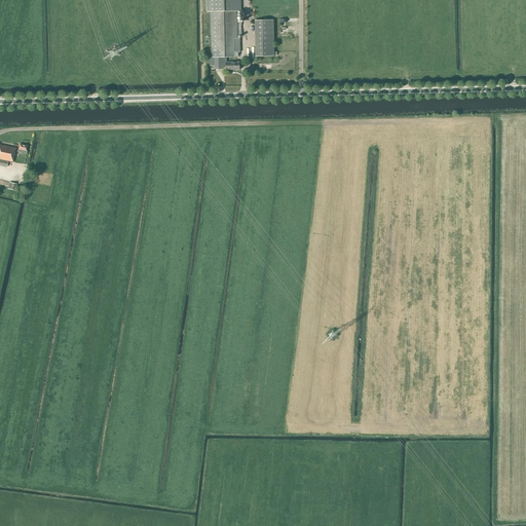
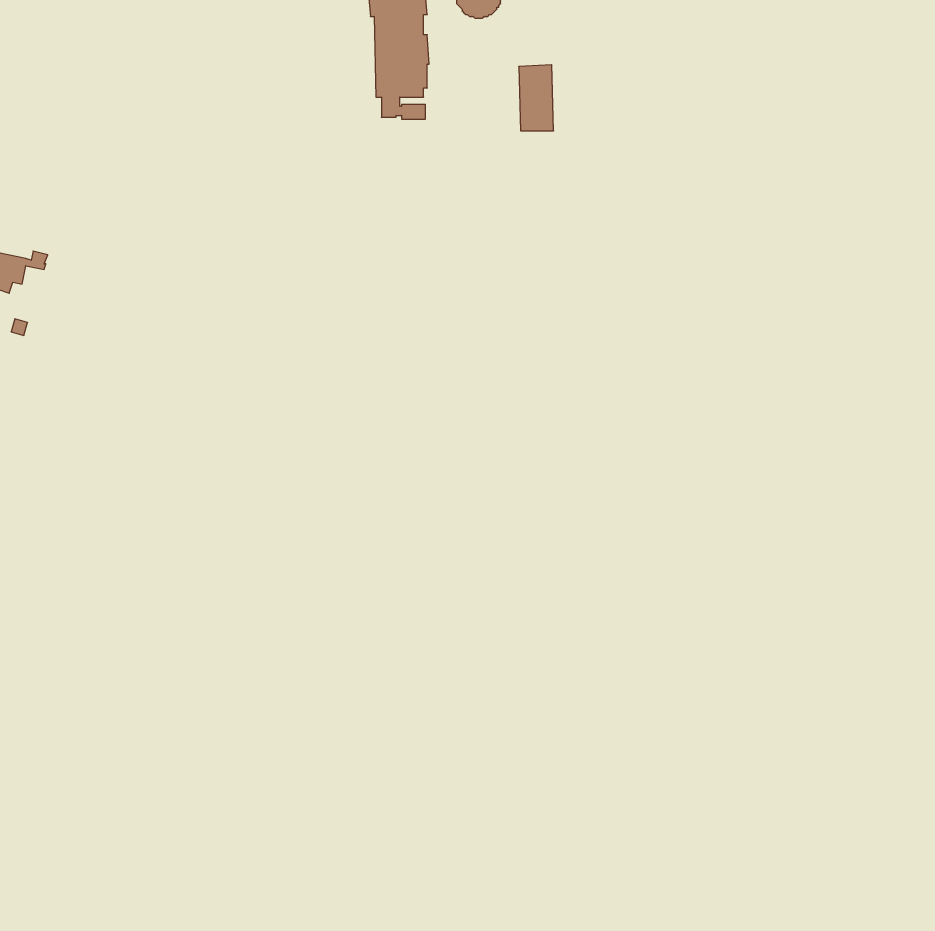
building: [254,16,273,53] -> [519,65,554,131]

